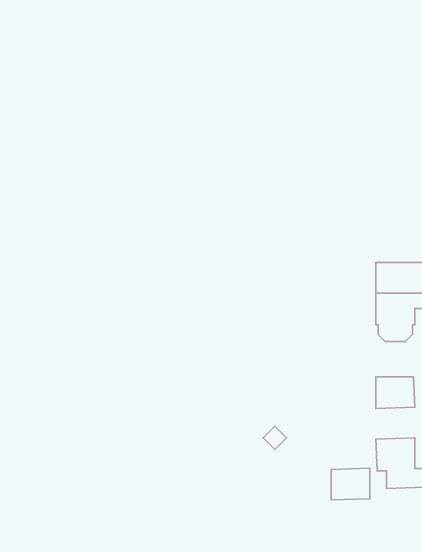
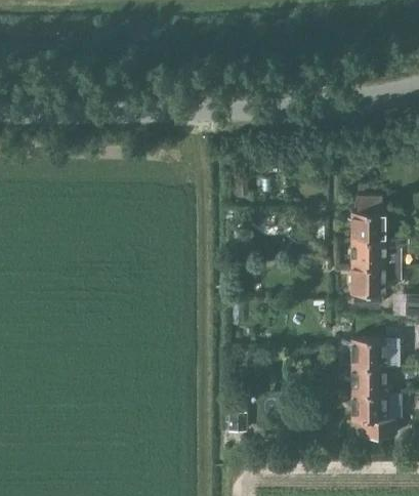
building: none -> [353,198,387,240]
building: [331,468,370,500] -> [353,366,387,394]

